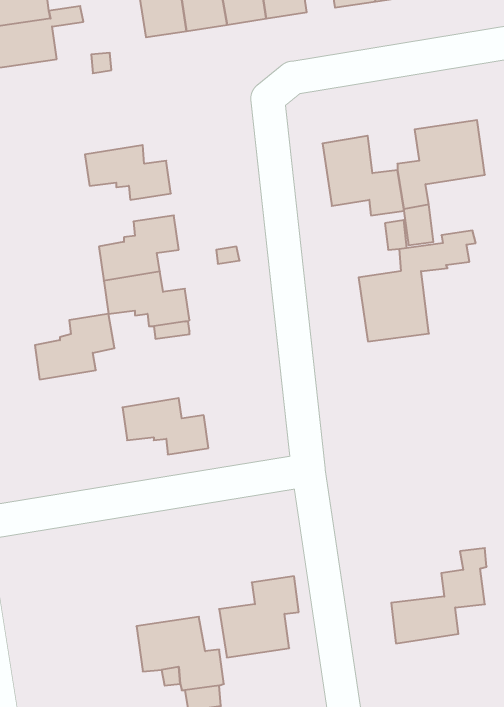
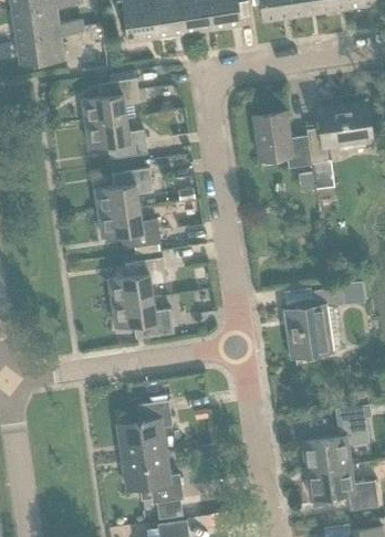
building: none -> [82,77,138,124]
building: [359,231,476,341] -> [282,277,365,356]
building: [35,314,115,379] -> [108,256,165,303]
building: [219,576,299,657] -> [116,400,173,457]
building: none -> [305,463,377,509]

